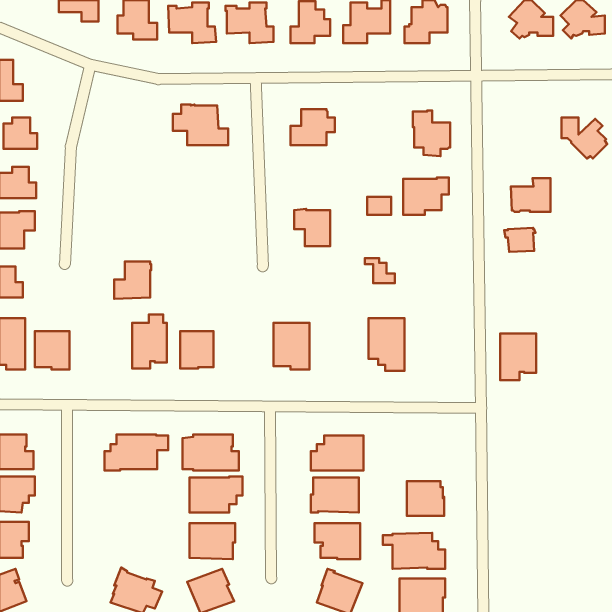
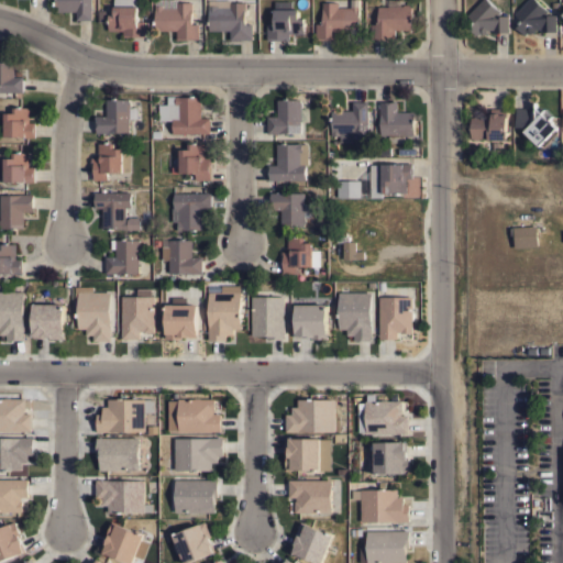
building: none -> [93,100,129,134]
building: none -> [330,102,367,143]
building: none -> [90,144,129,180]
building: none -> [178,144,210,181]
building: none -> [266,144,307,181]
building: [511,178,550,212] -> [470,110,506,141]
building: none -> [92,192,139,231]
building: none -> [170,194,210,231]
building: [504,228,535,252] -> [509,227,538,249]
building: none -> [280,239,318,275]
building: none -> [161,241,200,275]
building: none -> [74,287,109,341]
building: none -> [208,292,240,341]
building: none -> [295,306,327,340]
building: [500,333,536,380] -> [378,297,411,340]
building: none -> [364,401,407,434]
building: none -> [96,439,137,471]
building: none -> [95,481,143,514]

